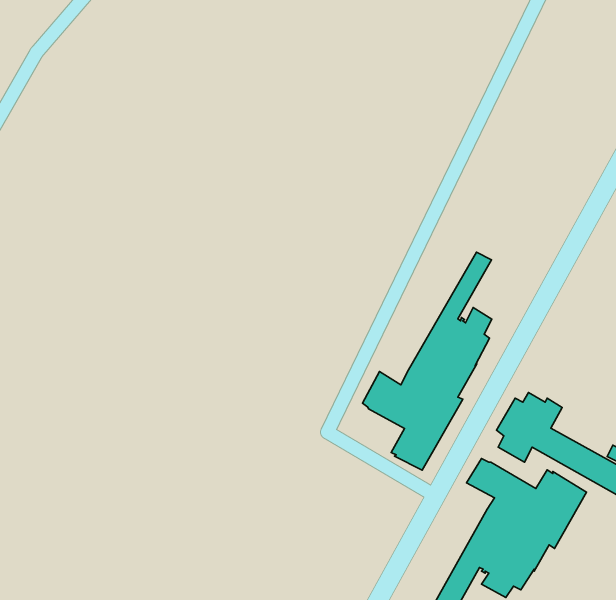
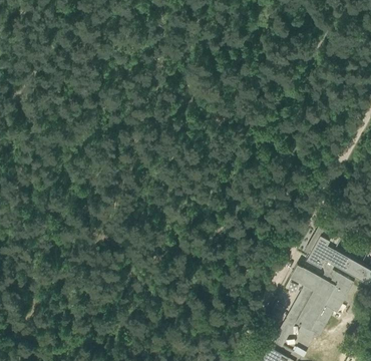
building: [362,252,492,470] -> none

